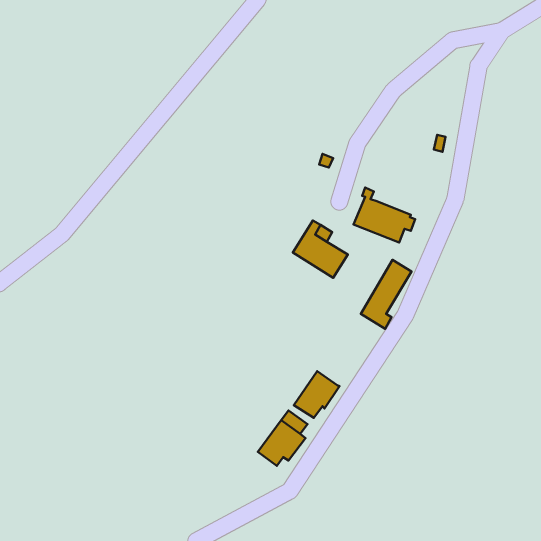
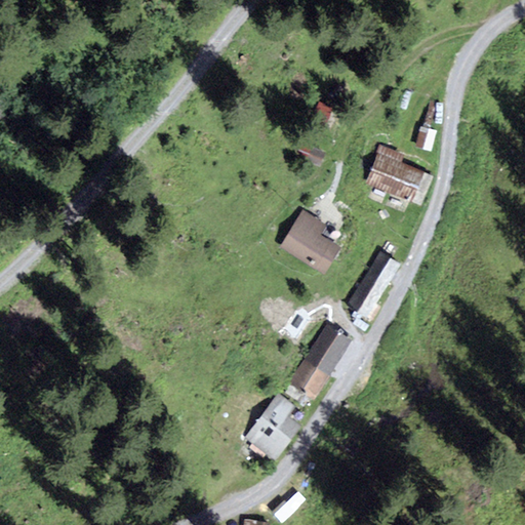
building: [354,187,415,243] -> [367,145,427,198]
building: none -> [307,325,349,372]

